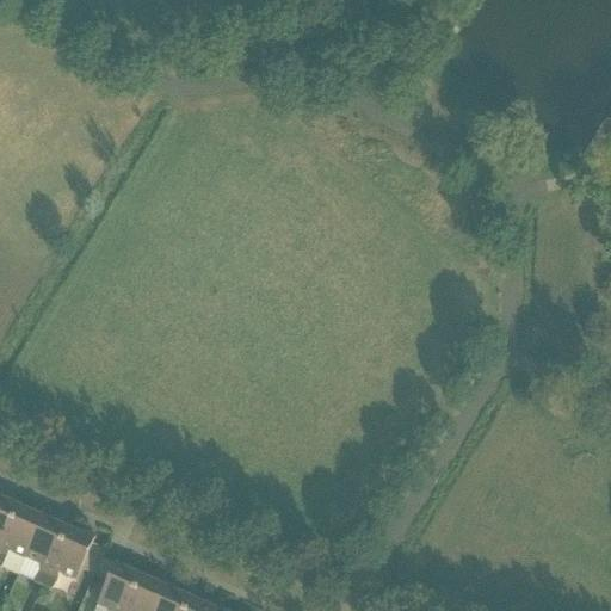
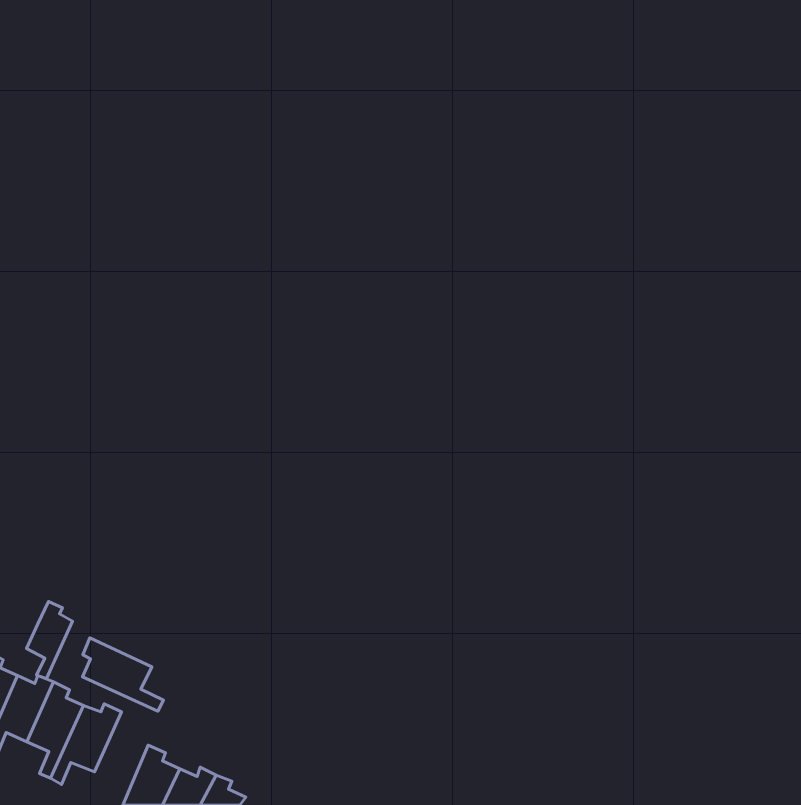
building: none -> [26,601,73,679]
building: none -> [82,638,163,711]

